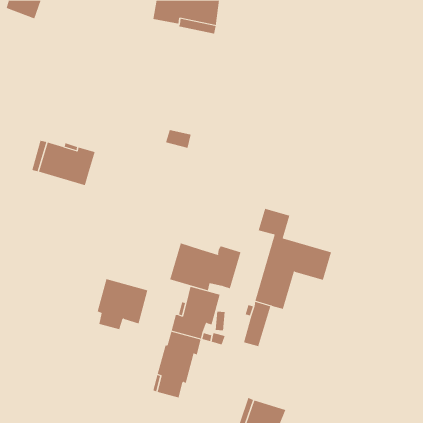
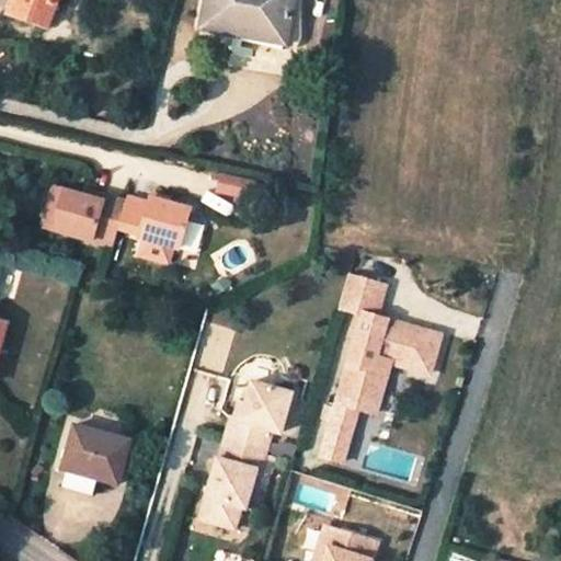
building: none -> [118,196,190,261]
building: [169,243,241,291] -> none
building: [97,278,148,330] -> [61,423,129,491]

